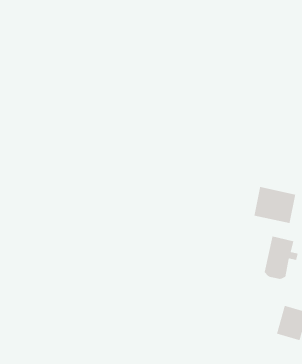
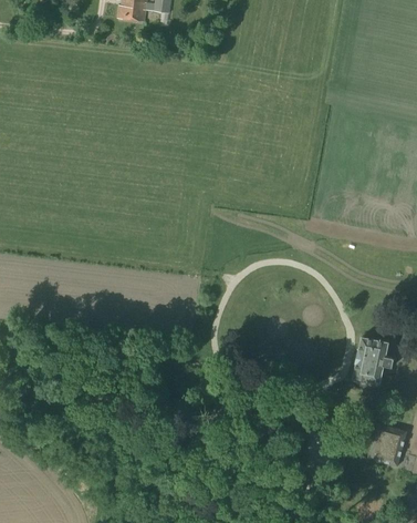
building: [254,186,296,224] -> none

